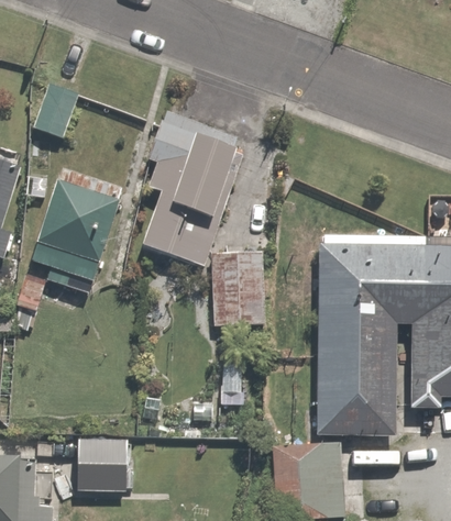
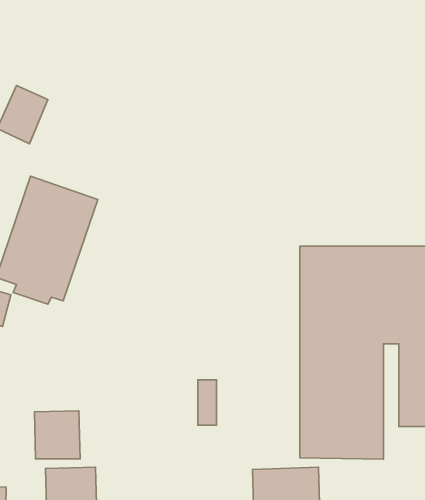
building: [141,112,265,328] -> none
building: none -> [34,411,80,459]

